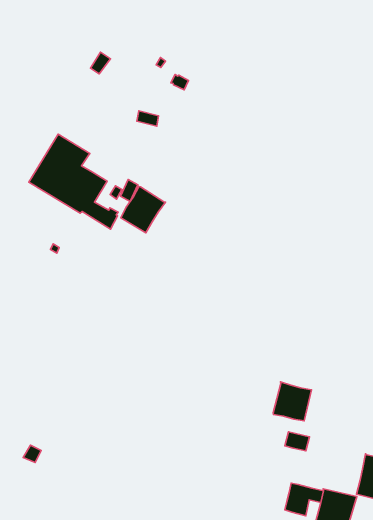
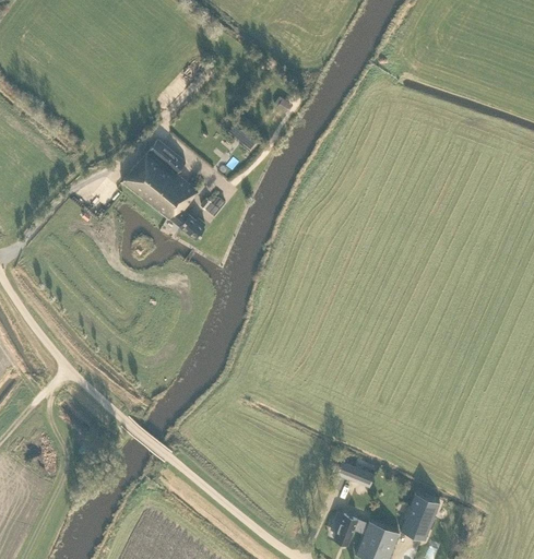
building: [121,187,165,233] -> none
building: [273,382,311,421] -> none

